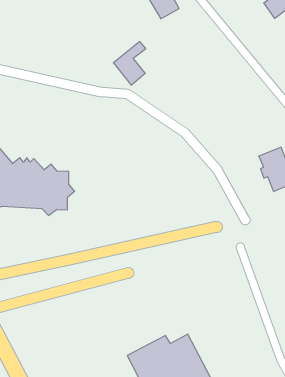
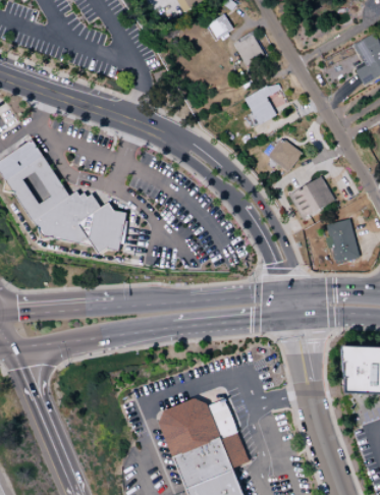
building: [113,42,146,85] -> [245,80,280,124]
building: none -> [267,138,302,171]
building: none -> [288,175,335,219]

